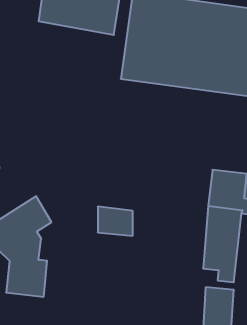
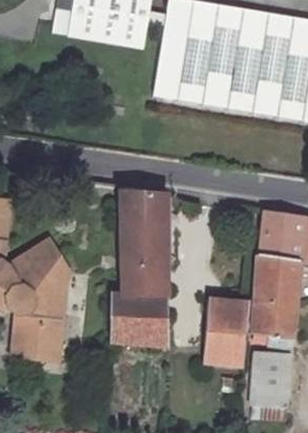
building: none -> [123,190,166,261]
building: none -> [111,286,166,341]
building: none -> [204,298,247,363]

